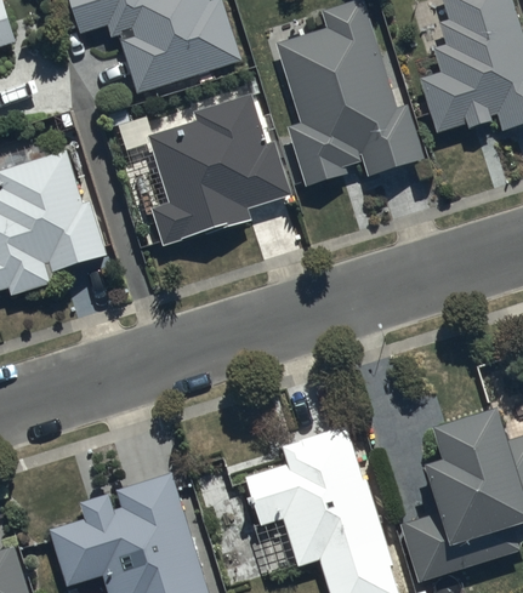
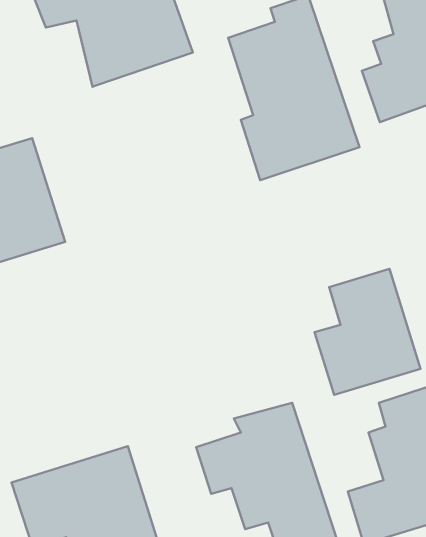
building: [143,97,291,241] -> none
building: none -> [315,269,421,395]

